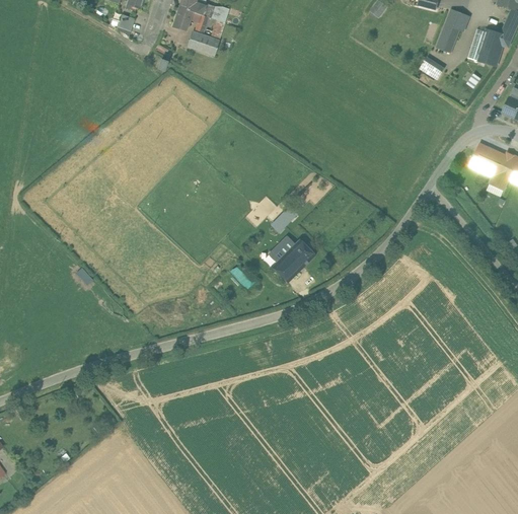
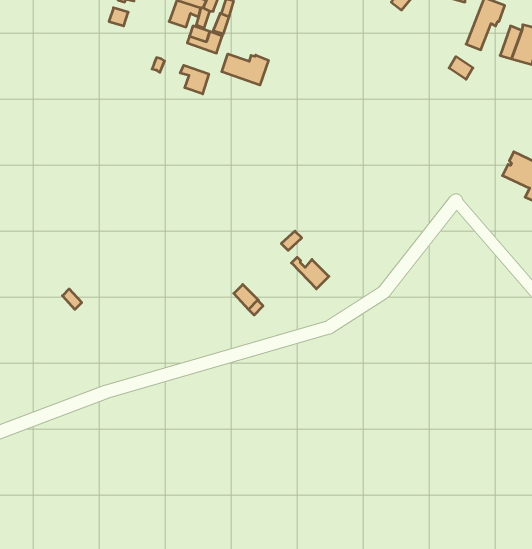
building: none -> [222,54,268,85]
building: none -> [180,65,209,94]
building: [265,242,303,282] -> none

